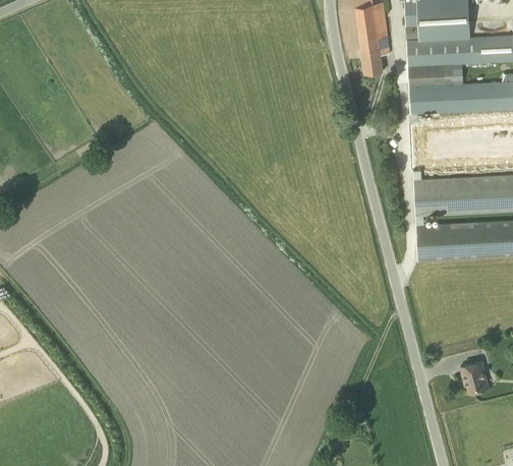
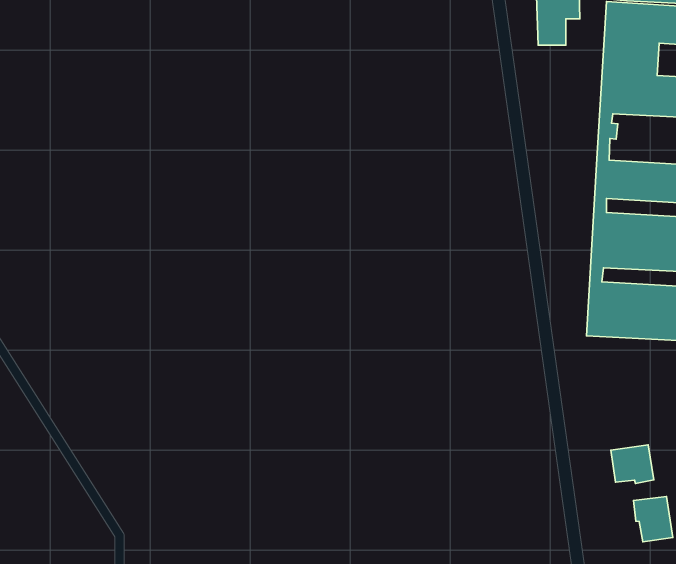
building: none -> [611,445,654,483]

